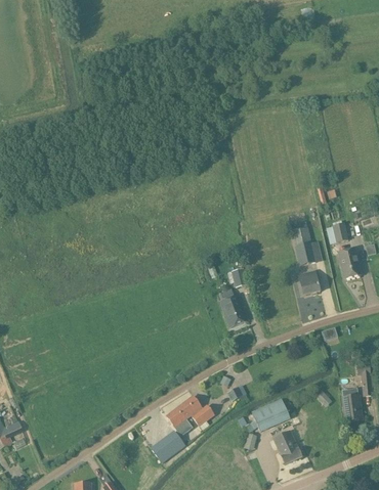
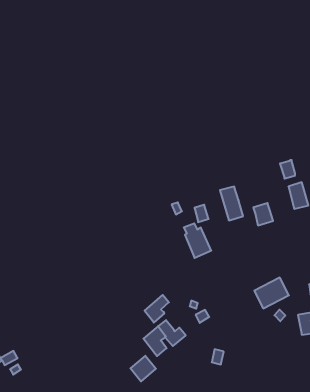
building: [292,227,317,265] -> [220,187,243,220]
building: none -> [145,295,169,323]
building: [252,398,291,432] -> [254,278,289,308]
building: [273,430,302,463] -> none

